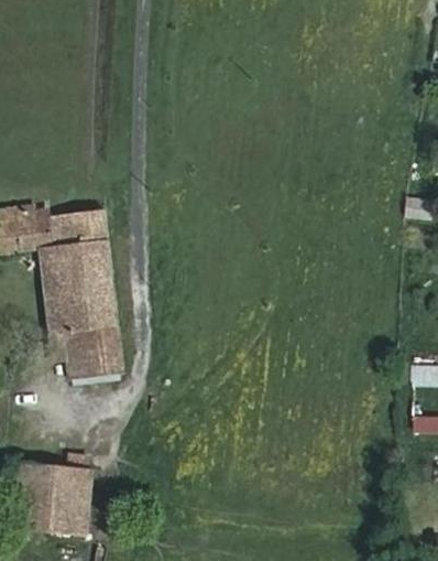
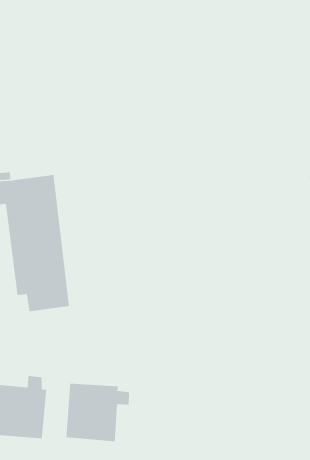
building: none -> [65,383,130,442]

